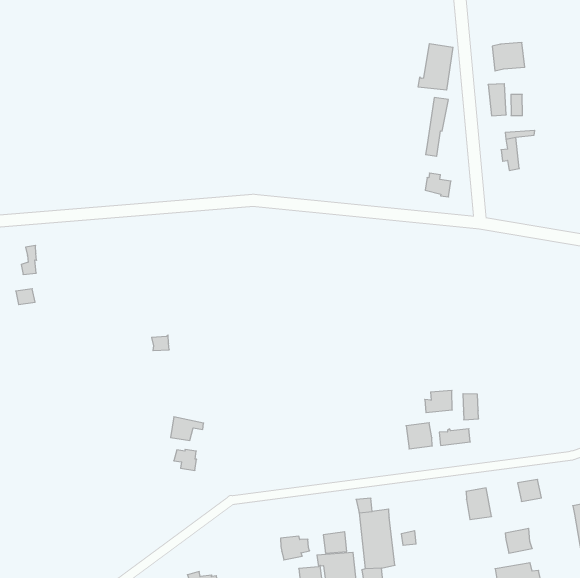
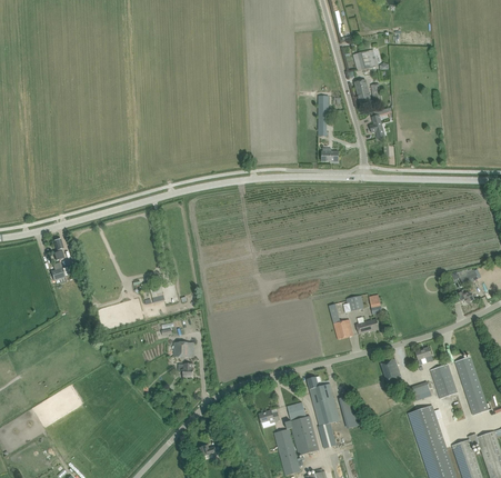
building: [418,44,453,90] -> none
building: none -> [429,364,457,399]

